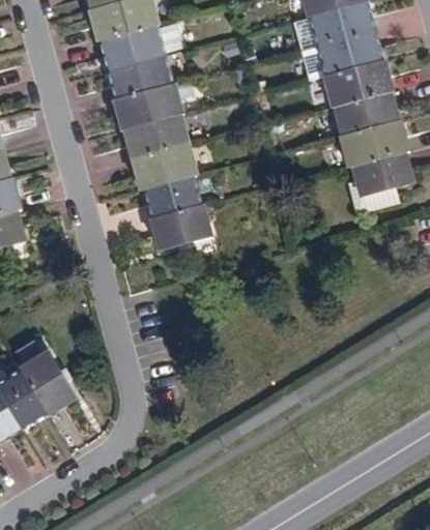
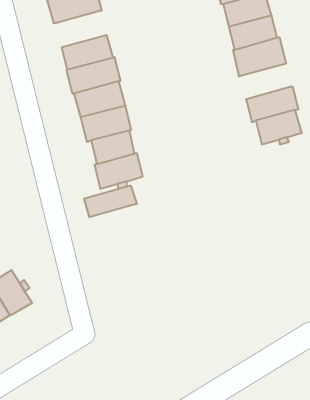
building: [102,25,166,71] -> none
building: [336,92,398,137] -> none
building: none -> [84,185,137,217]

